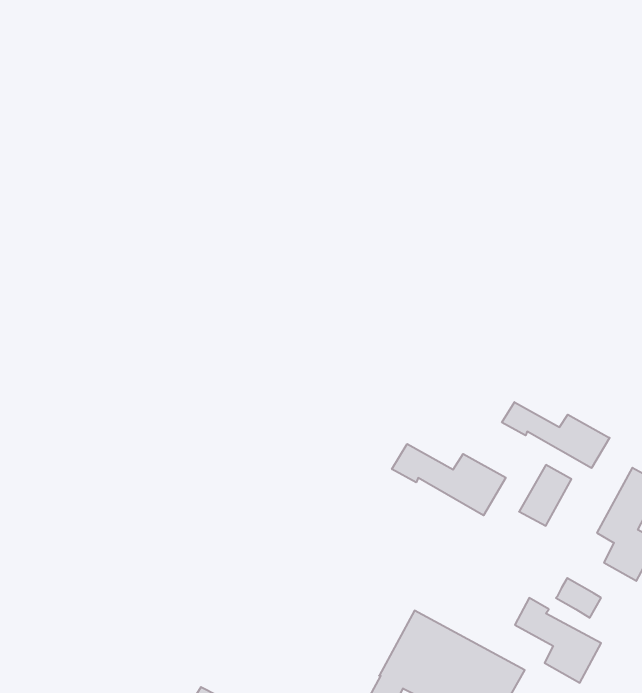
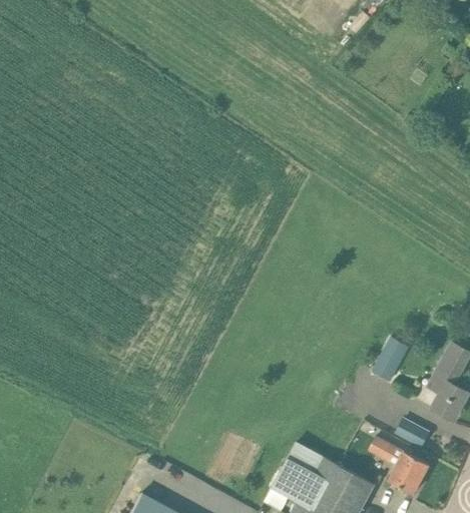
building: [502,402,610,468] -> none
building: [392,444,506,515] -> none

